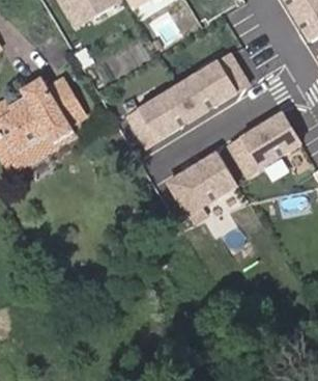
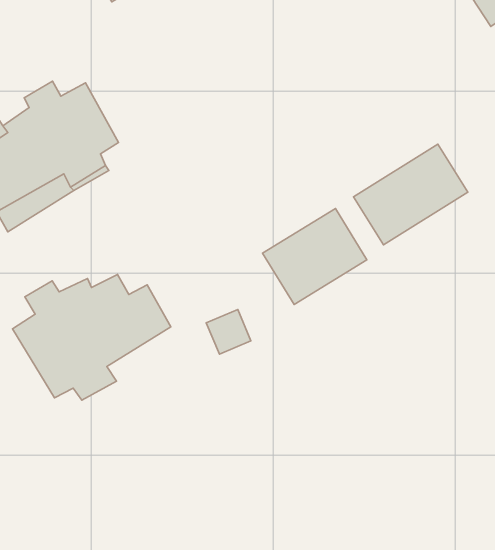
building: [131,52,252,145] -> none
building: none -> [13,275,171,400]

